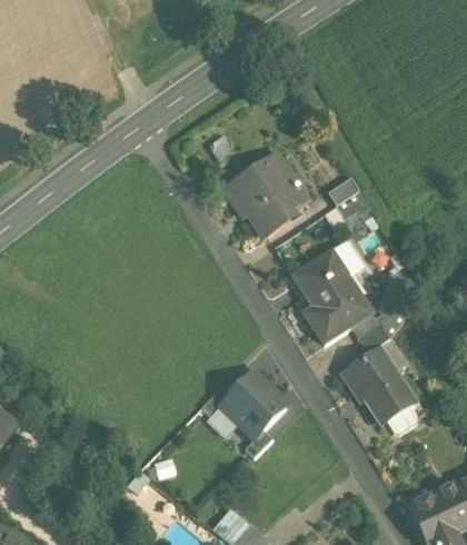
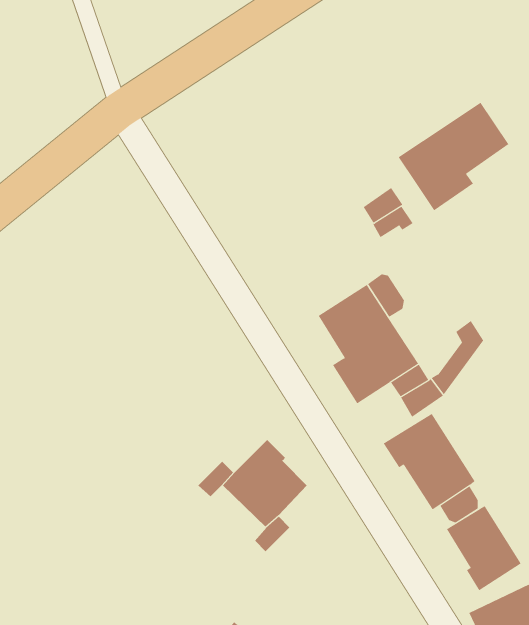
building: none -> [398,102,509,211]
building: [223,164,308,236] -> none
building: none -> [446,505,521,591]

